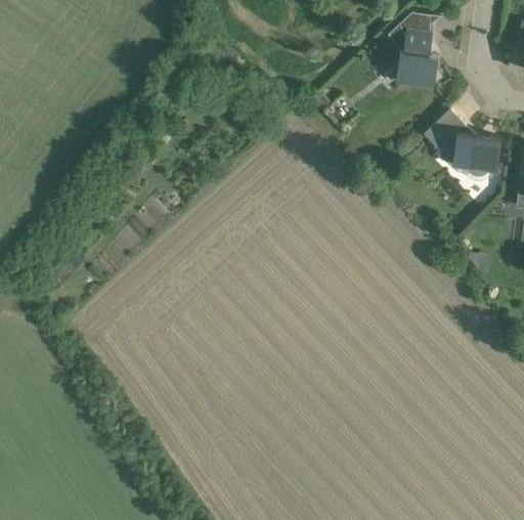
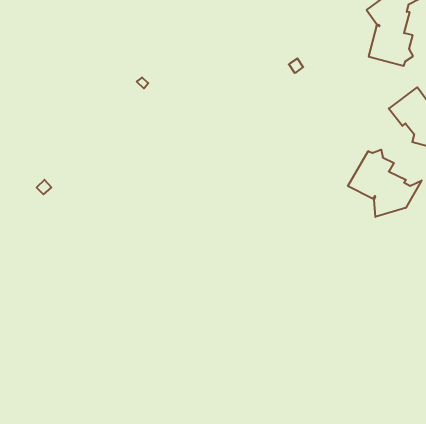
building: none -> [348,150,422,217]

